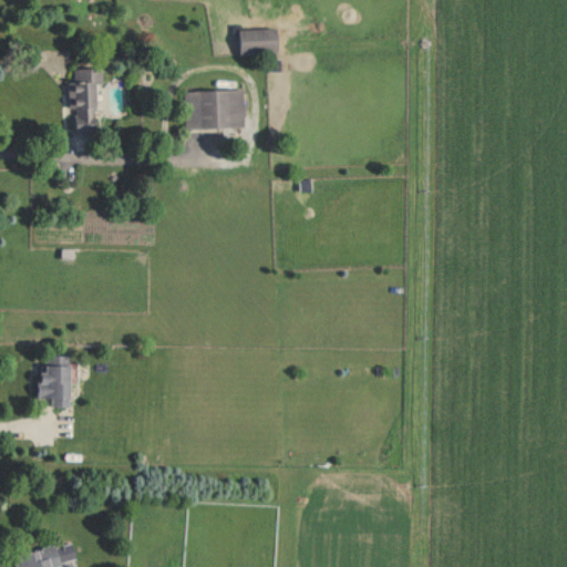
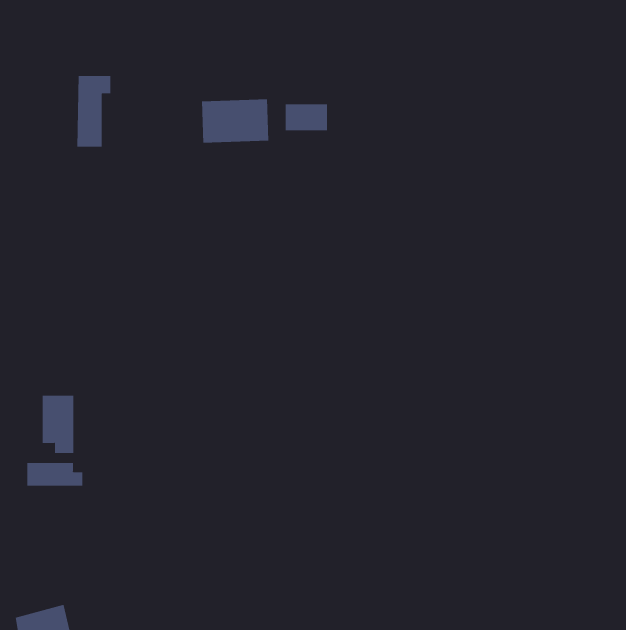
building: [239,30,278,54] -> [285,104,328,131]
building: none -> [27,462,83,487]

